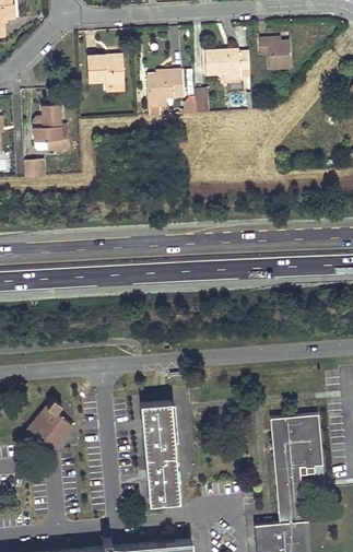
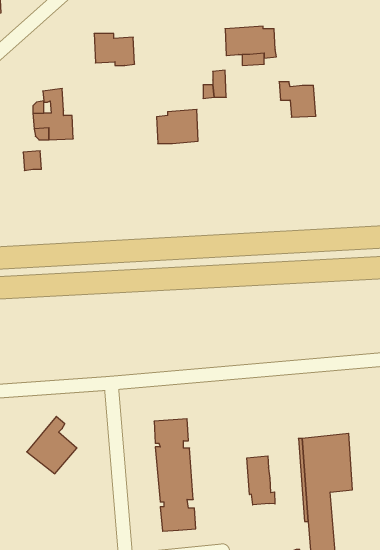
building: [259,38,292,70] -> [279,82,316,117]
building: [146,69,184,99] -> [157,109,198,144]
building: none -> [247,456,275,505]

